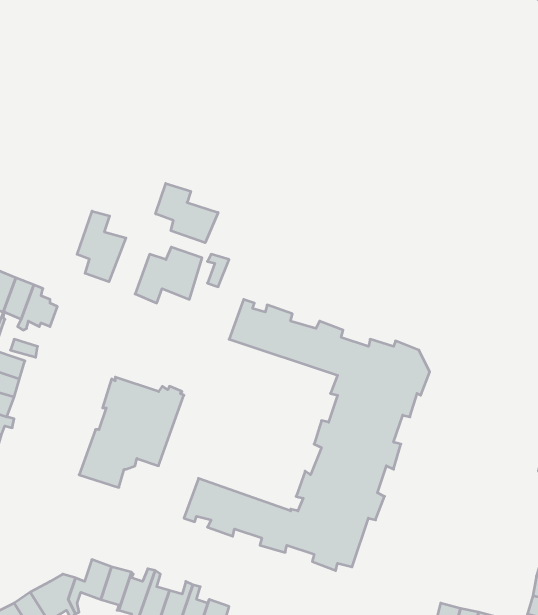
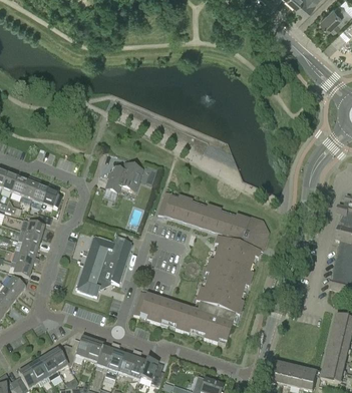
building: [156,183,218,243] -> none
building: [77,211,126,282] -> none

